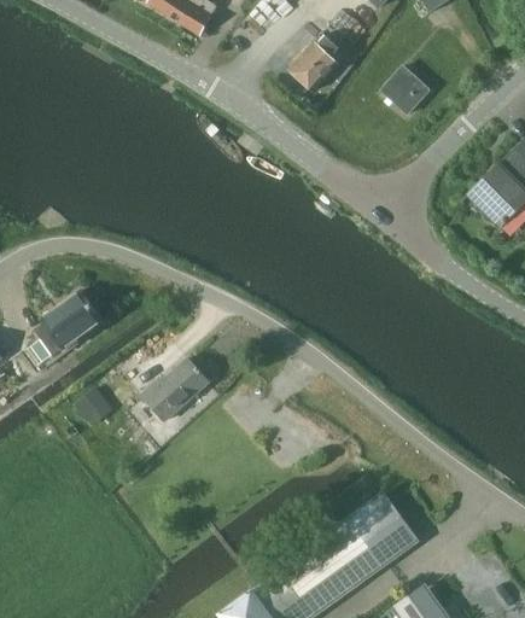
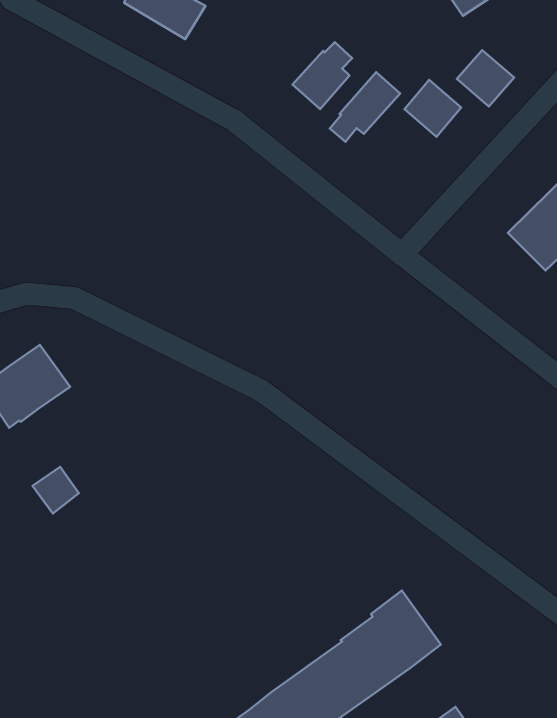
building: none -> [457,50,514,106]
building: none -> [330,72,400,142]
building: [140,357,210,422] -> none

